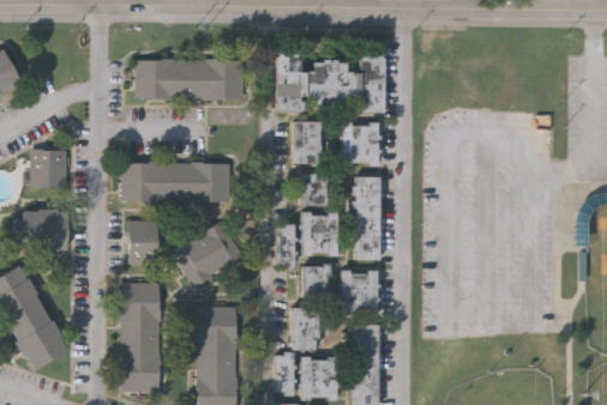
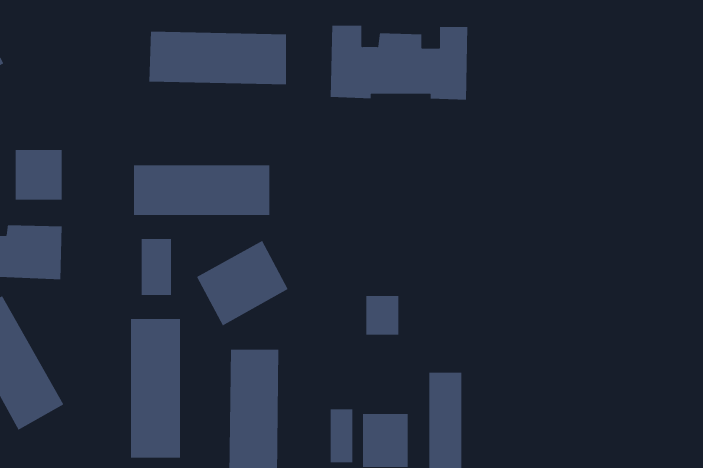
building: [294,121,320,164] -> none
building: [342,122,378,165] -> none
building: [300,174,326,205] -> none
building: [355,176,379,260] -> none
building: [302,213,337,255] -> none
building: [277,225,294,266] -> none
building: [341,270,378,314] -> none
building: [293,307,318,349] -> none

